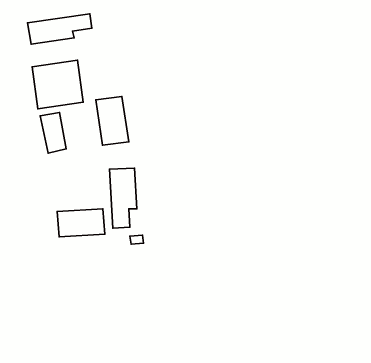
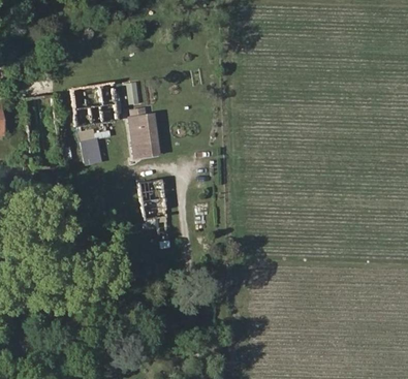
building: [28,14,92,44] -> none
building: [57,209,105,237] -> none

